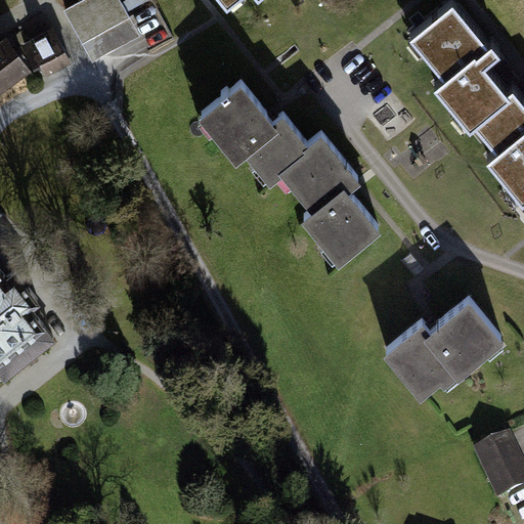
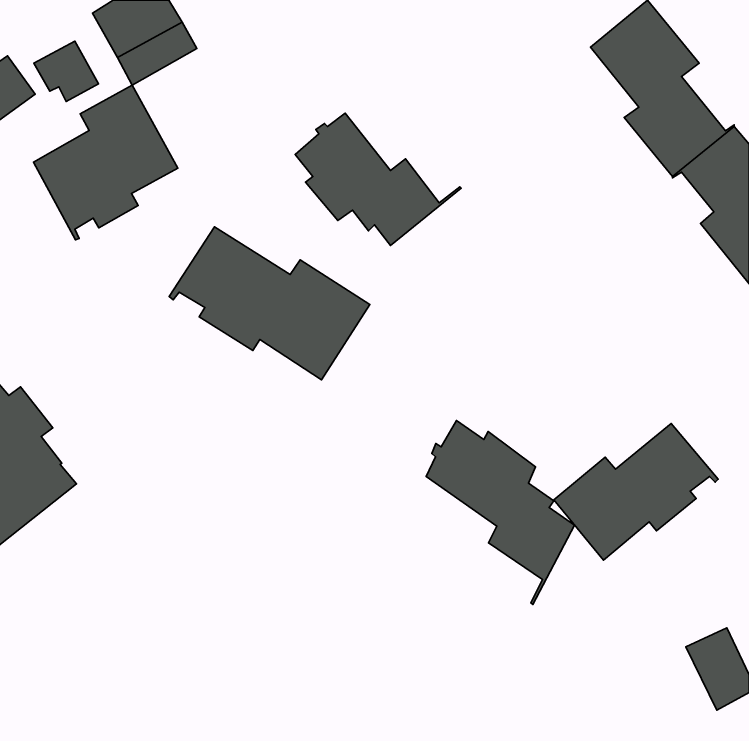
building: none -> [33,85,178,240]
building: [272,138,378,260] -> none
building: none -> [169,227,370,380]
building: none -> [426,420,575,604]

